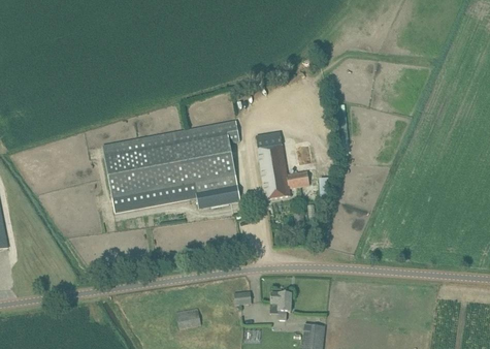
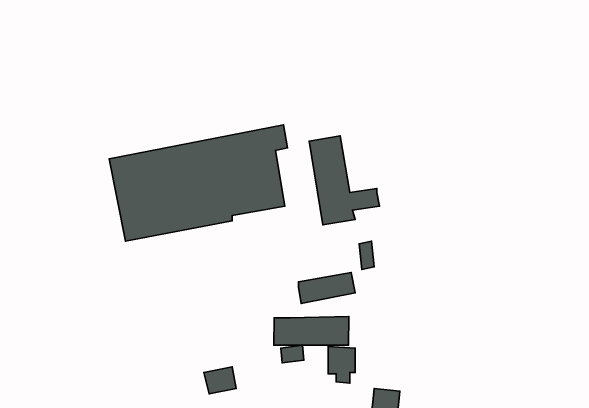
building: [196,184,239,208] -> [299,272,355,304]
building: none -> [274,317,349,345]

